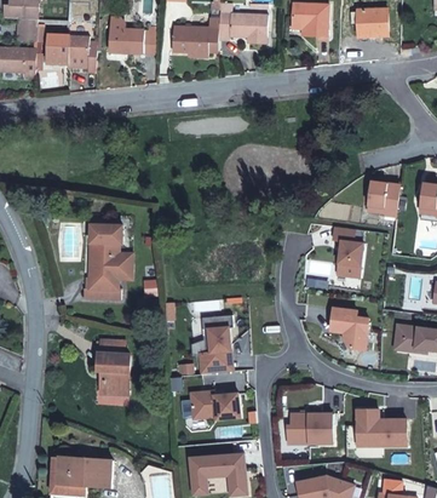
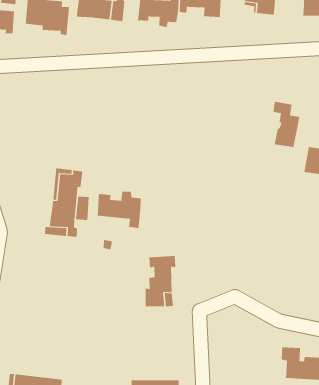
building: [332,227,363,277] -> [273,101,300,148]
building: none -> [97,191,141,229]
building: [329,308,368,349] -> none
building: [97,343,130,395] -> none
building: [190,390,238,419] -> none
building: [286,413,332,443] -> none

